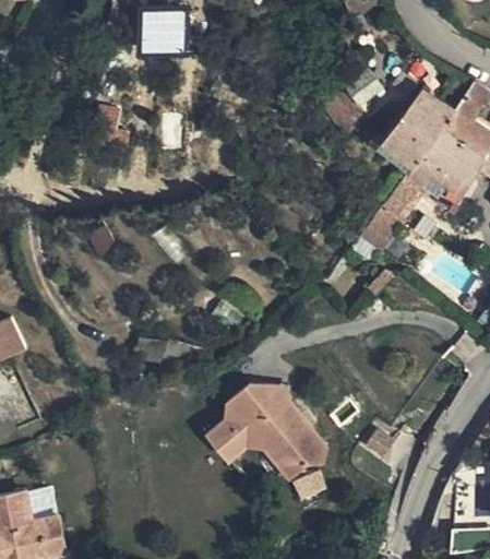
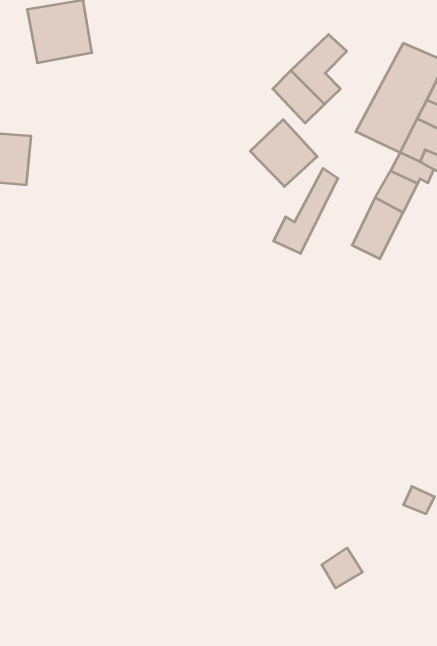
building: none -> [250,120,317,187]
building: none -> [274,168,338,254]
building: [208,380,324,474] -> none

